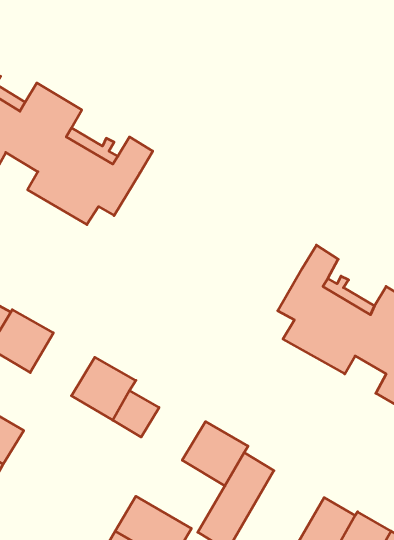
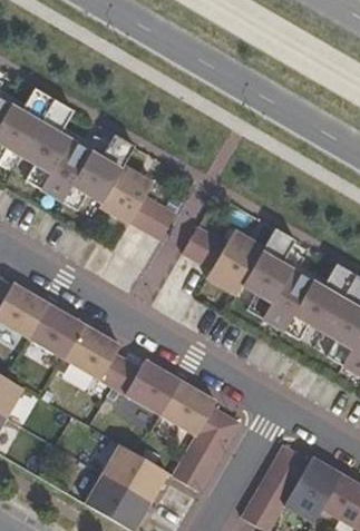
building: none -> [98,166,175,240]
building: none -> [182,227,263,296]
building: none -> [28,304,84,358]
building: none -> [124,360,179,414]

